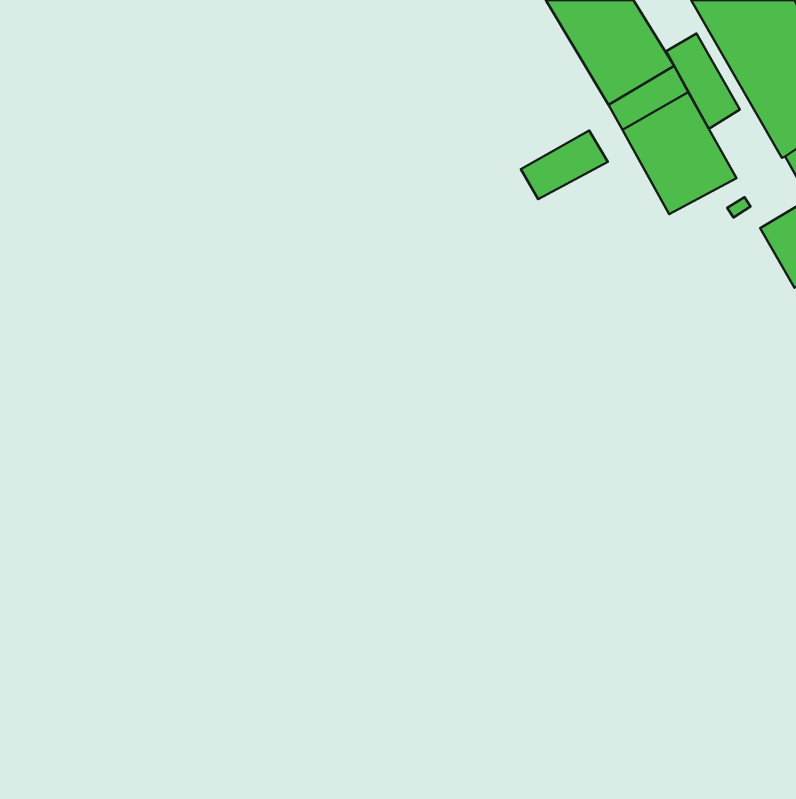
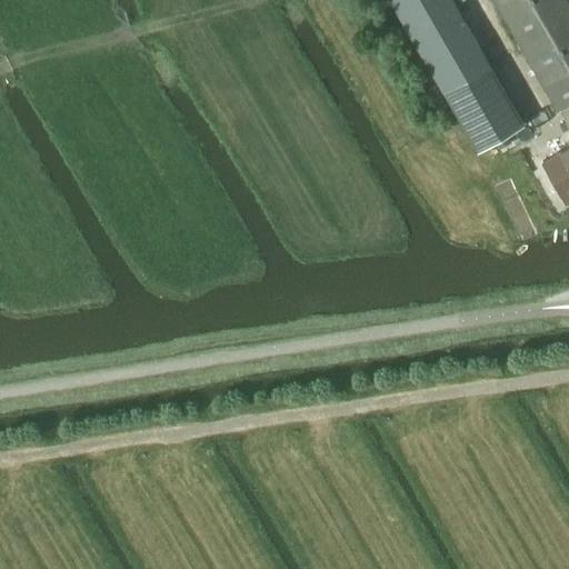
building: [666,33,740,129] -> none
building: [521,131,608,199] -> none

